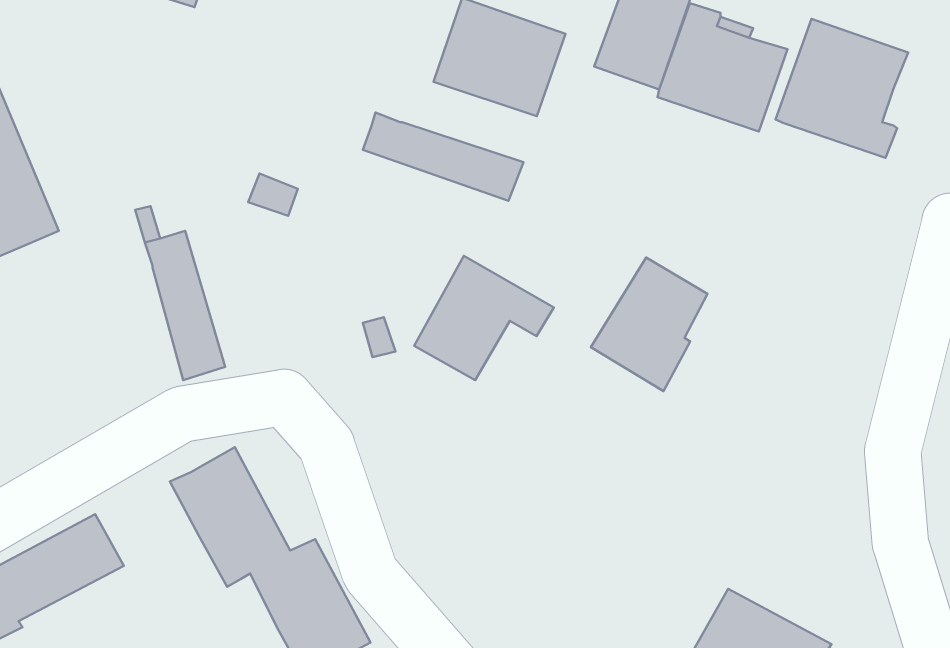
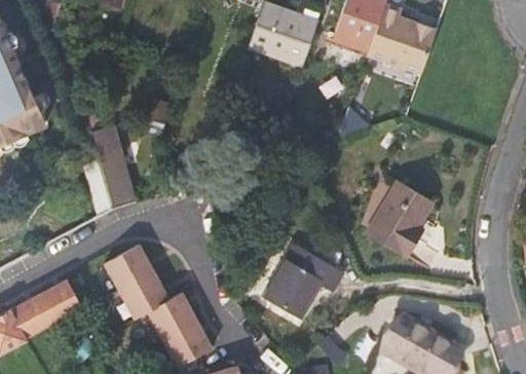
building: [775,19,908,158] -> none
building: [363,113,523,201] -> none
building: [414,256,554,380] -> [266,246,341,312]
building: [591,257,707,391] -> [368,184,430,256]

